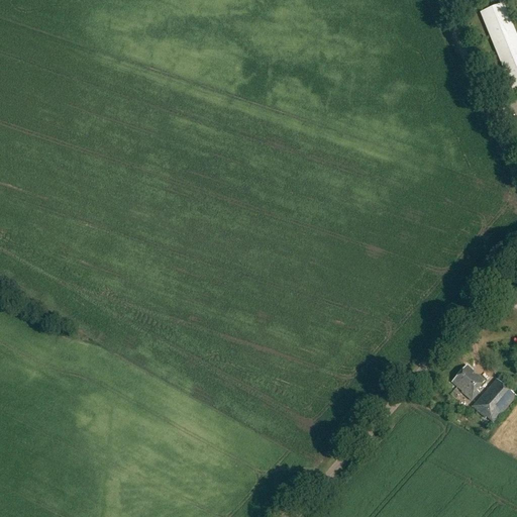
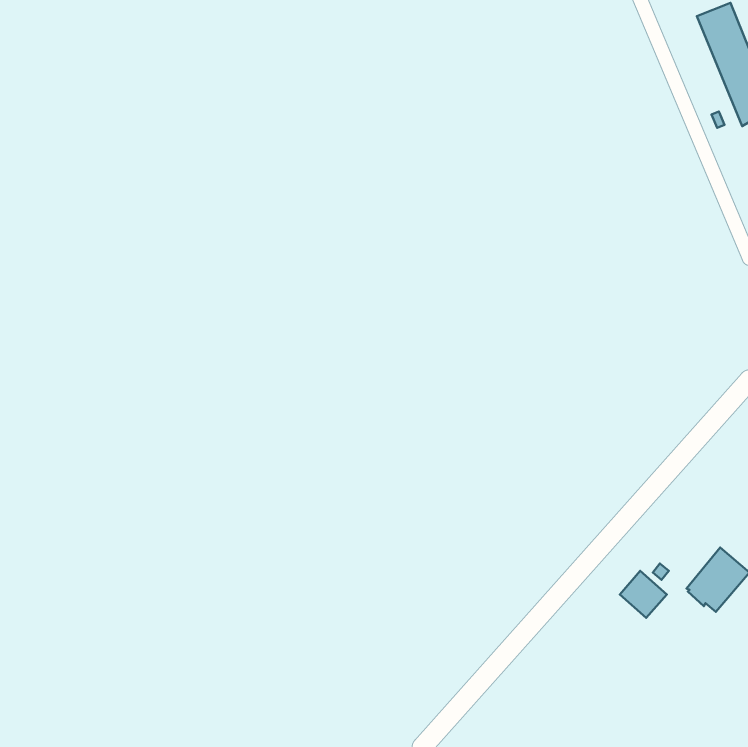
building: [452,365,485,397] -> [620,571,667,618]

